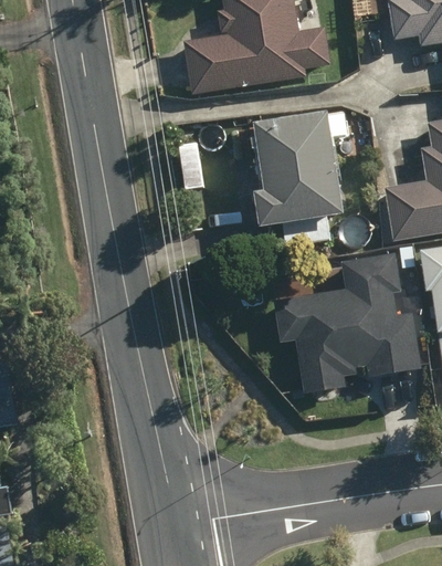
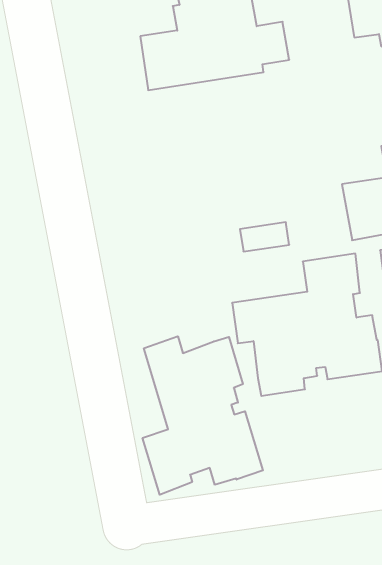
building: [252,112,348,227] -> none
building: none -> [143,336,263,495]

